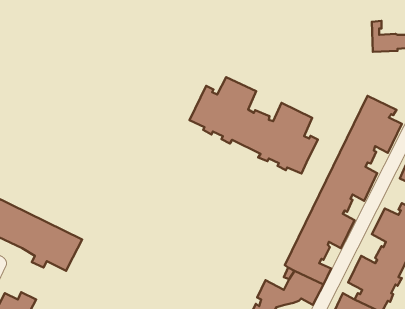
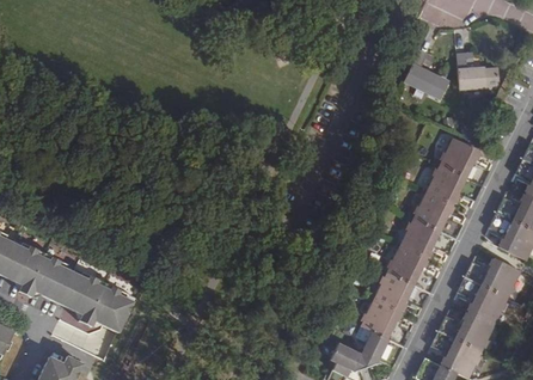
building: none -> [403,50,435,92]
building: [189,77,318,174] -> none

